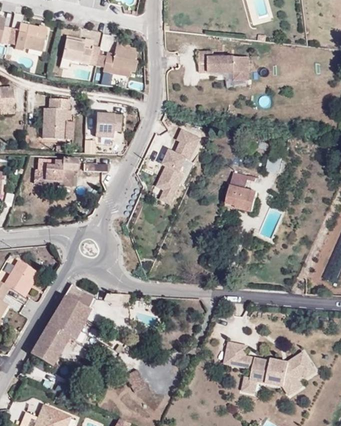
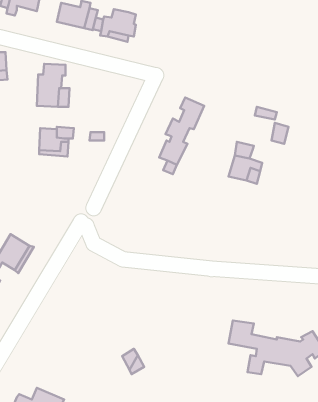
building: [198,50,248,79] -> none
building: [92,115,118,138] -> none
building: [30,283,89,364] -> none

